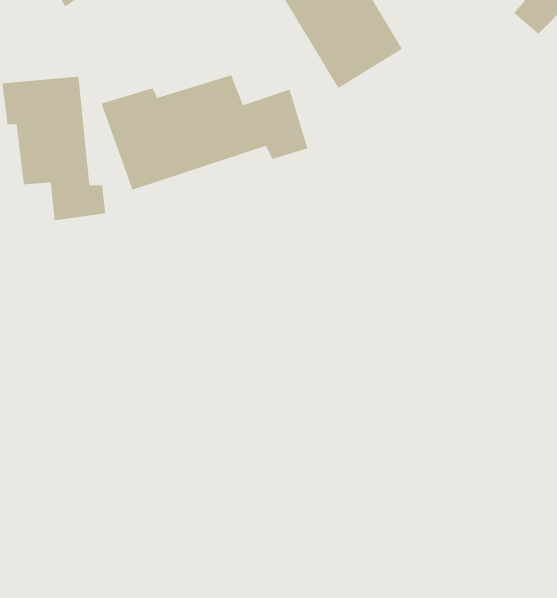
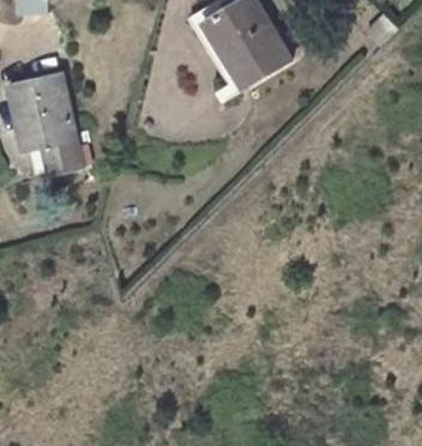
building: [101,74,308,190] -> none

